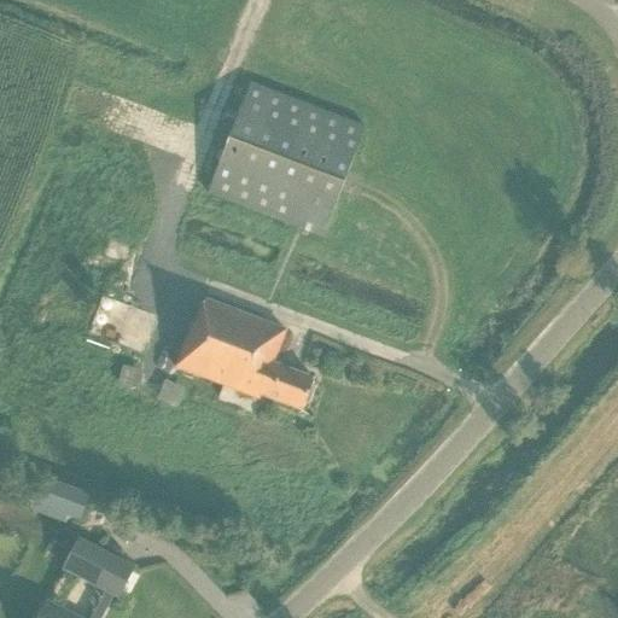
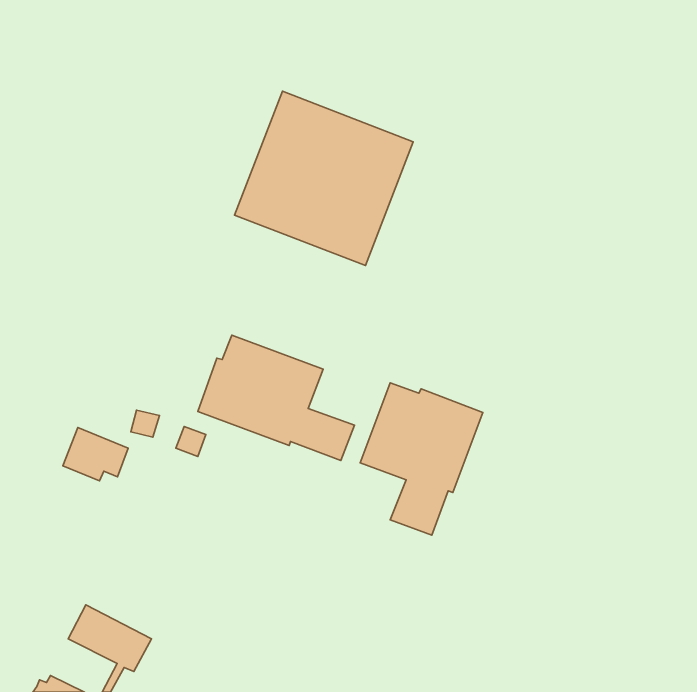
building: none -> [360,383,483,535]
building: [31,473,89,520] -> [63,428,128,481]

